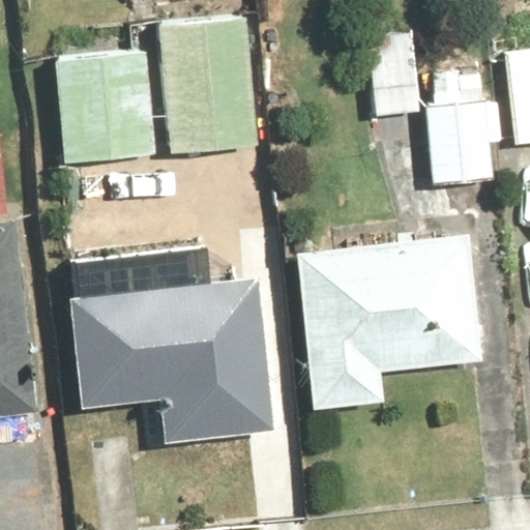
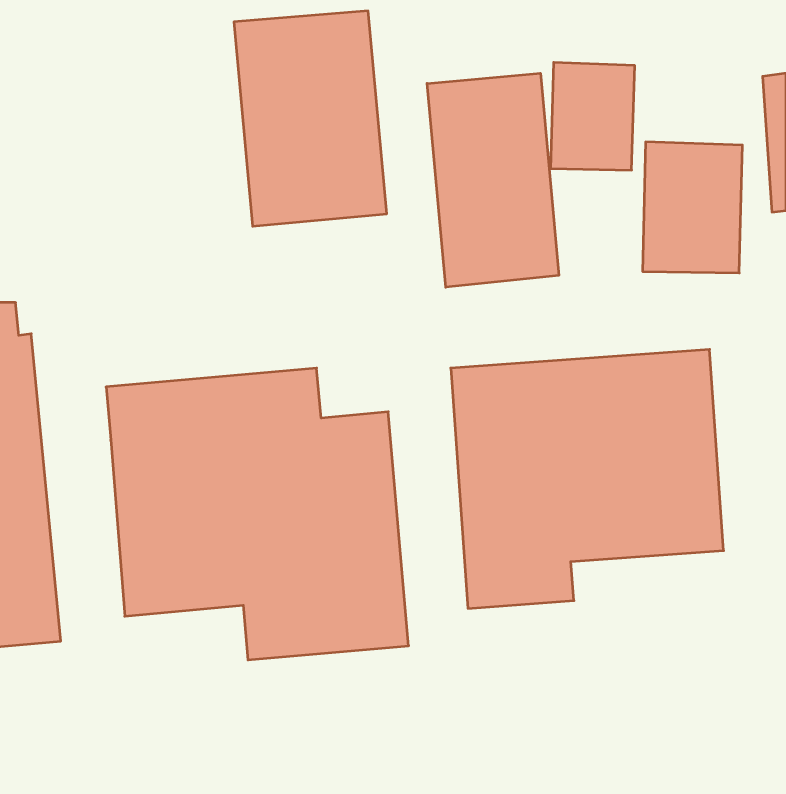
building: none -> [427,73,559,287]
building: [55,51,154,165] -> none

